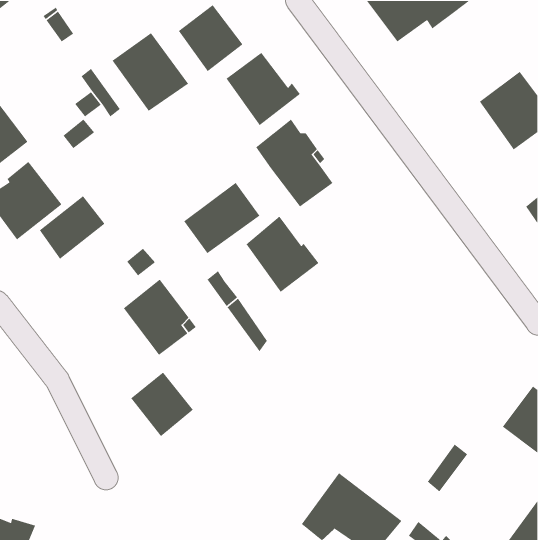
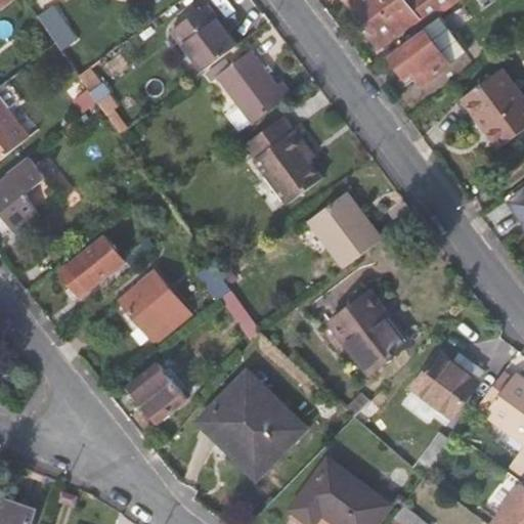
building: none -> [392,13,466,83]
building: [112,32,189,112] -> none
building: [183,182,260,254] -> none
building: [39,195,105,260] -> [57,235,122,298]
building: [246,215,320,293] -> [310,193,382,268]
building: none -> [326,290,406,375]
building: none -> [411,349,481,419]
building: none -> [200,373,303,477]

